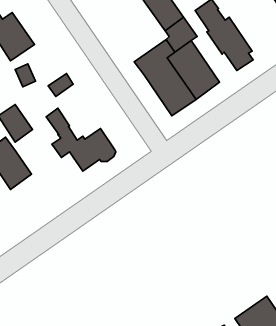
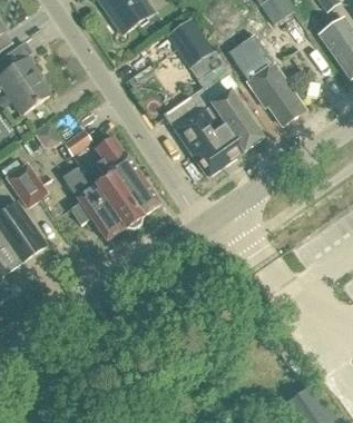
building: none -> [89,136,160,215]

